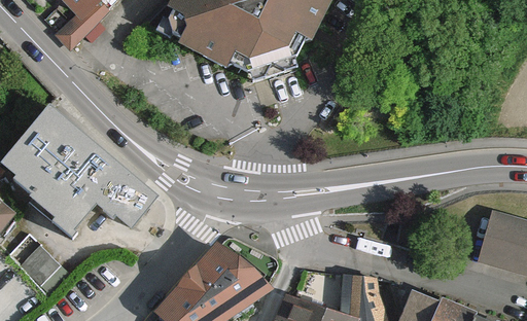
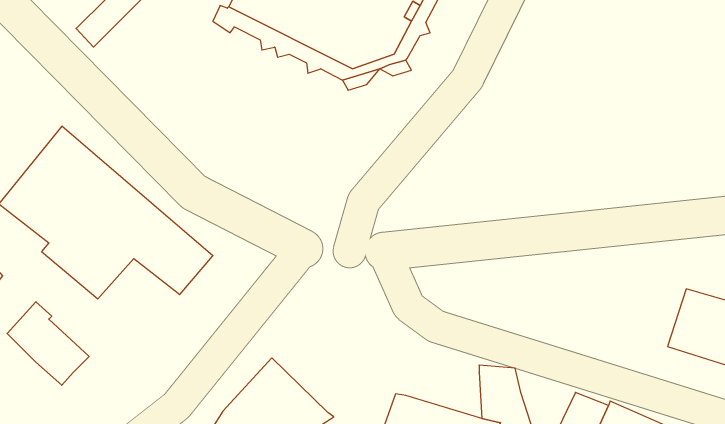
building: [196,246,262,310] -> none

